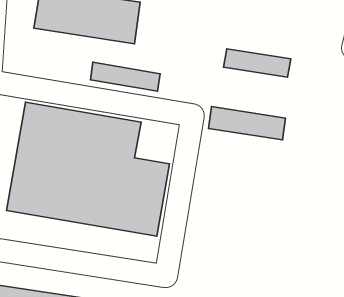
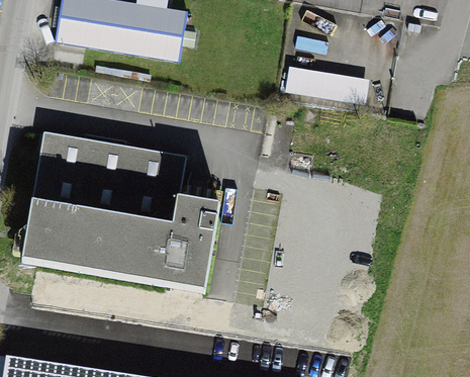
building: [90,62,160,91] -> none
building: [209,107,285,140] -> none

